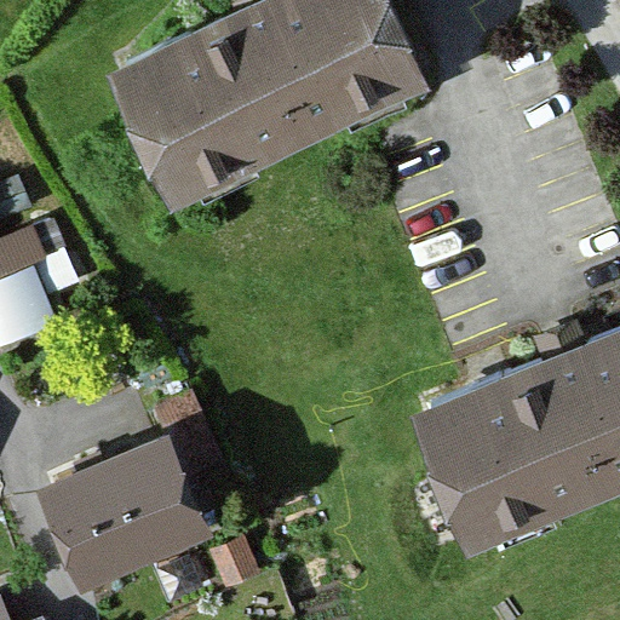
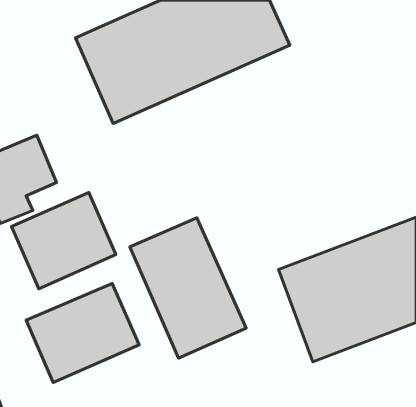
building: none -> [11,193,116,289]
building: none -> [130,218,246,358]

